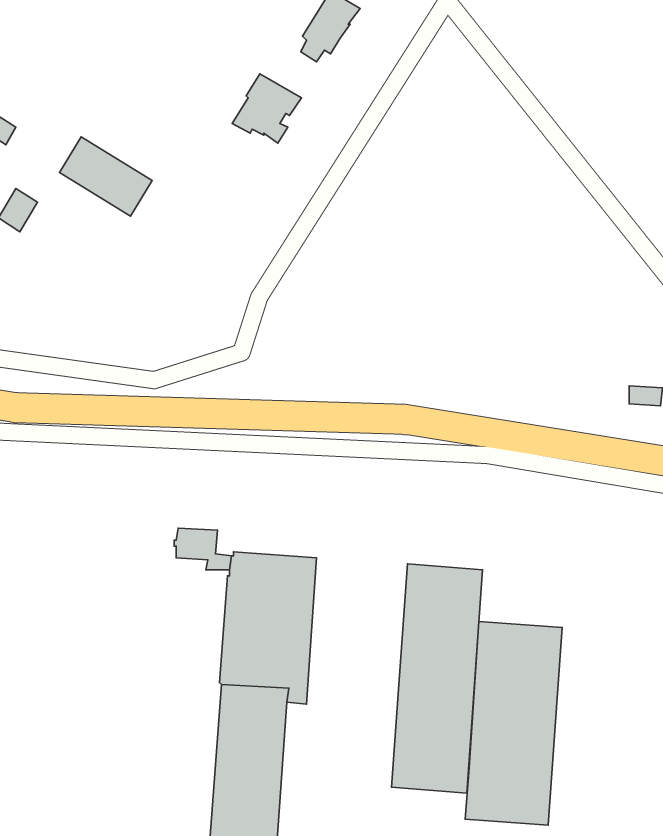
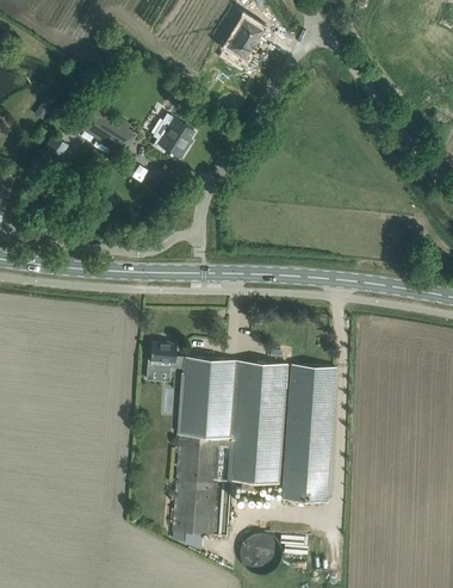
building: [232,74,302,143] -> [153,116,194,157]
building: [465,622,562,825] -> [228,360,286,483]

